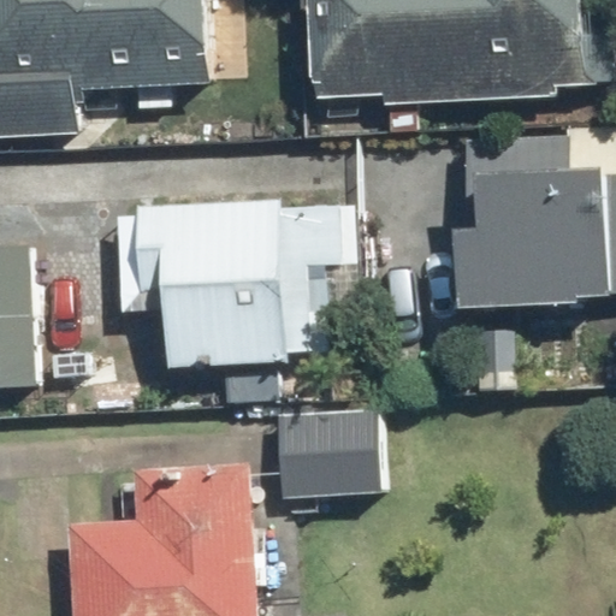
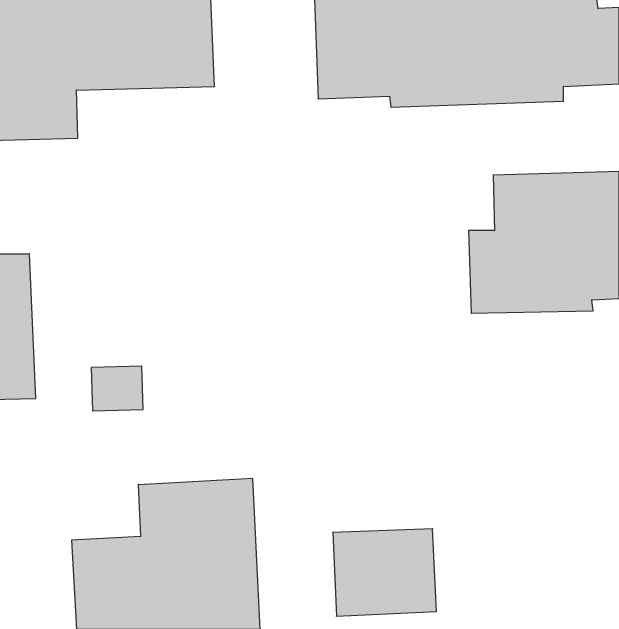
building: [138,199,343,366] -> none
building: [278,414,379,499] -> [333,529,436,616]

